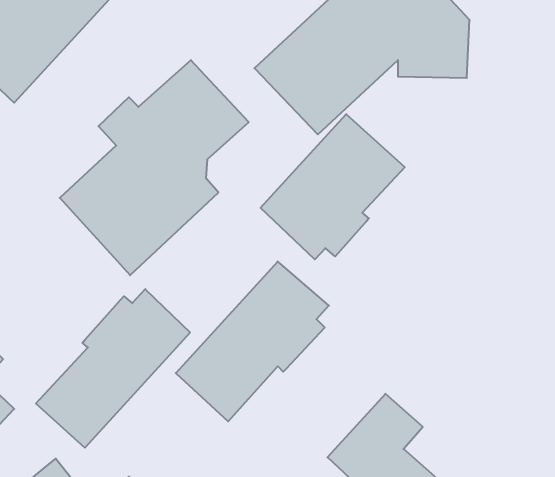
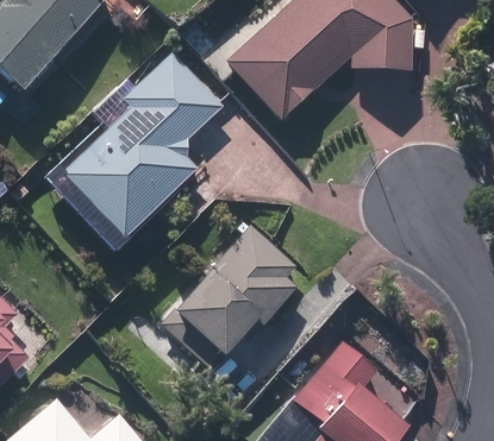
building: [261,114,405,259] -> none
building: [36,289,190,448] -> none

